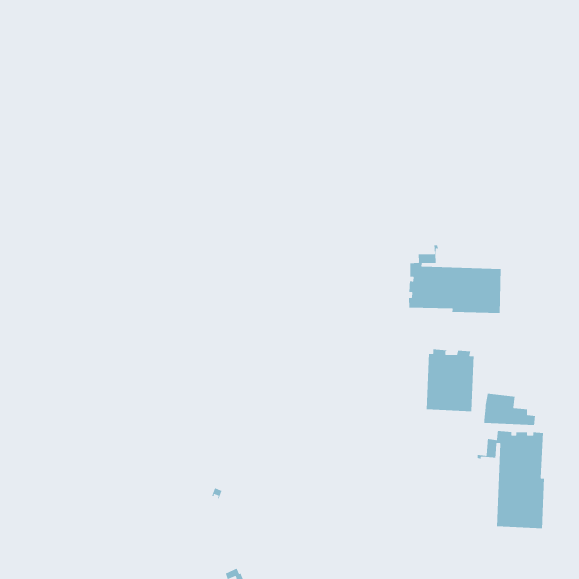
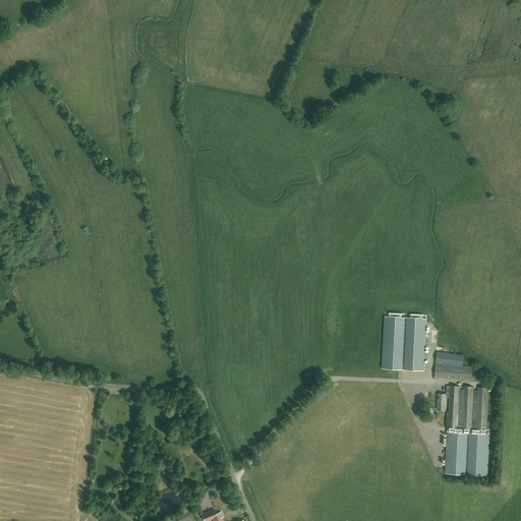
building: [408,245,502,314] -> none

